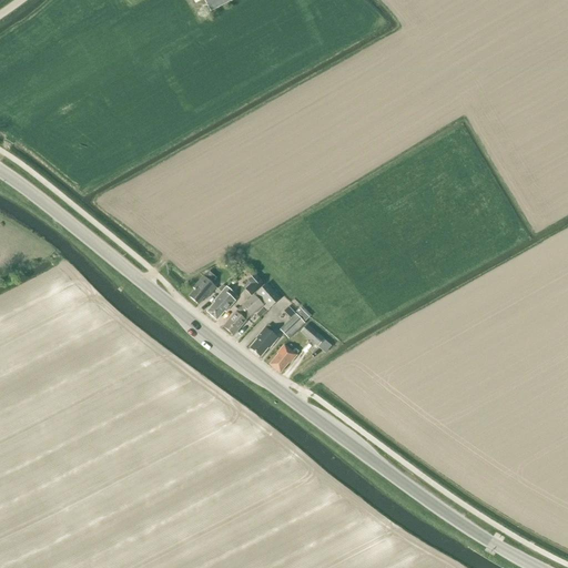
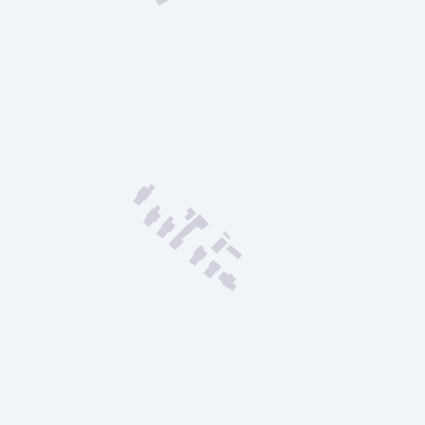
building: none -> [132,183,156,207]
building: none -> [217,270,238,292]

